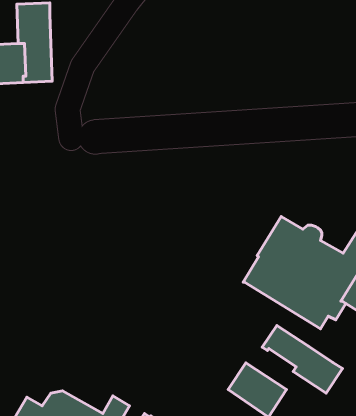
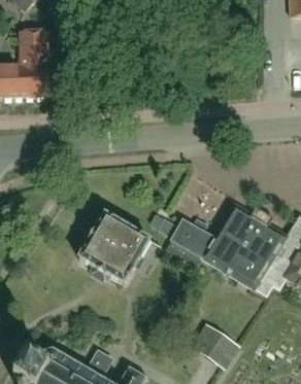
building: none -> [78,214,148,284]
building: none -> [166,219,216,270]
building: [262,325,343,393] -> none

